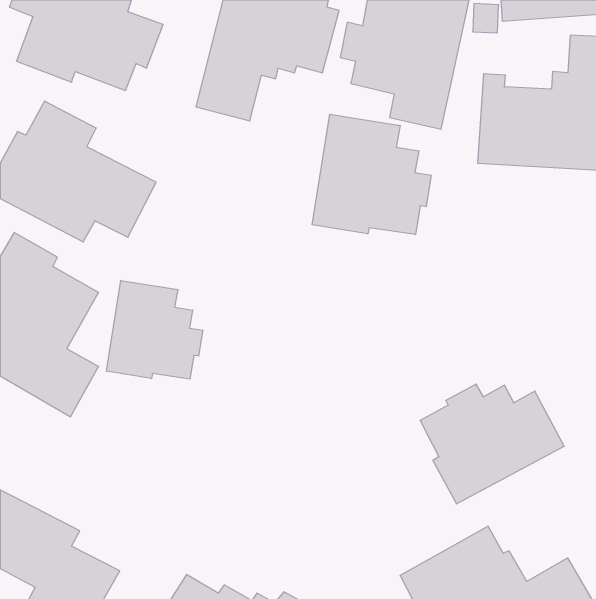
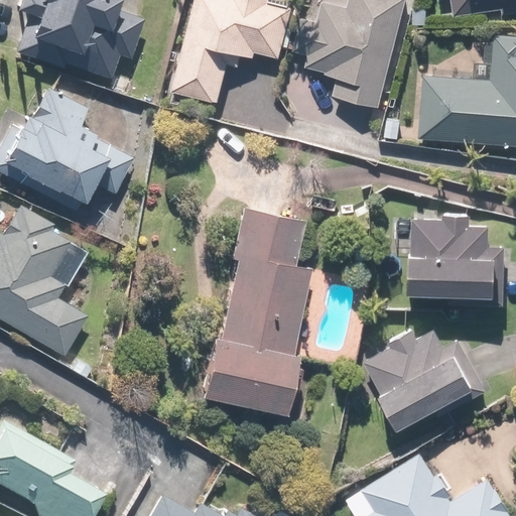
building: [312,114,431,235] -> none
building: none -> [198,207,308,415]
building: none -> [405,215,509,299]
building: [106,280,203,379] -> none

